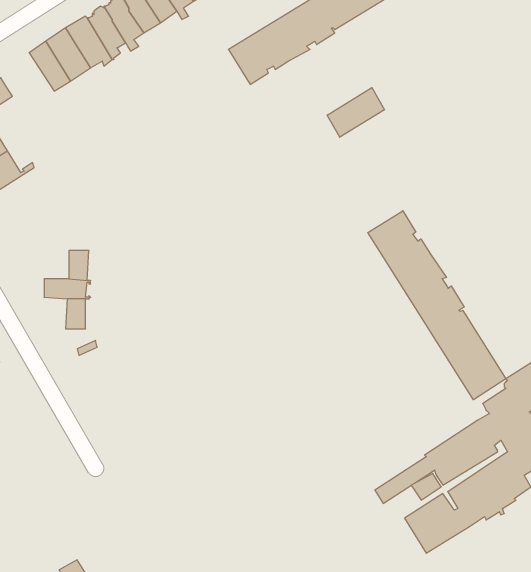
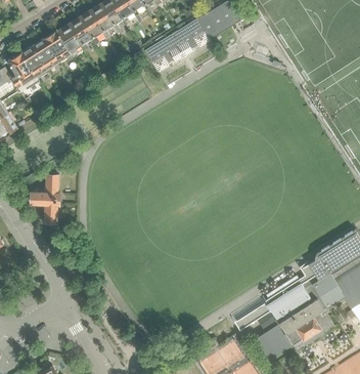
building: none -> [8,52,37,88]
building: [327,88,385,137] -> none
building: [368,211,506,400] -> none

